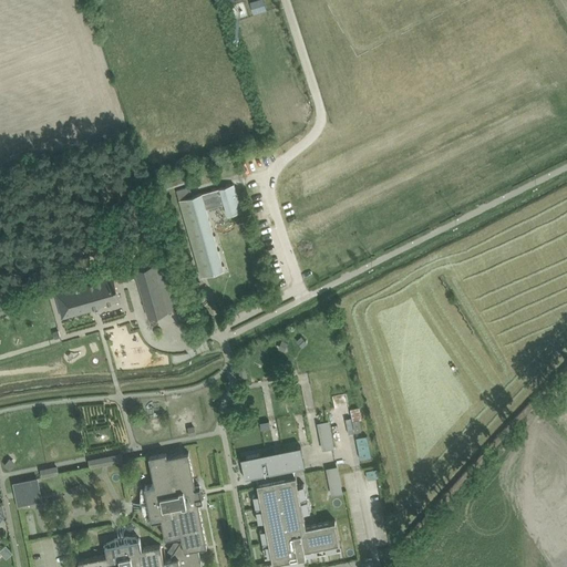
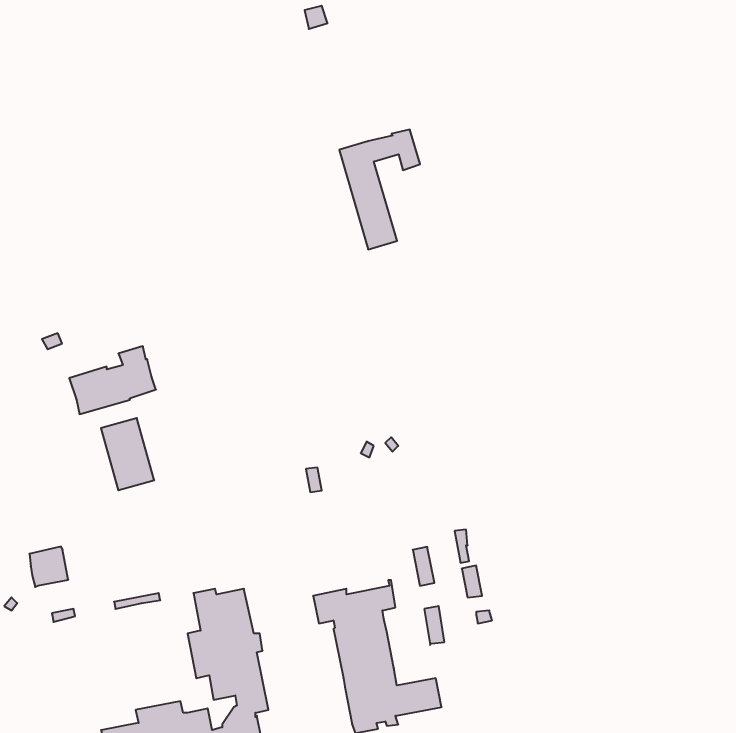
building: [178,187,240,279] -> [339,130,420,249]
building: [134,265,175,320] -> [101,418,154,490]
building: [12,480,42,511] -> [29,547,68,587]

